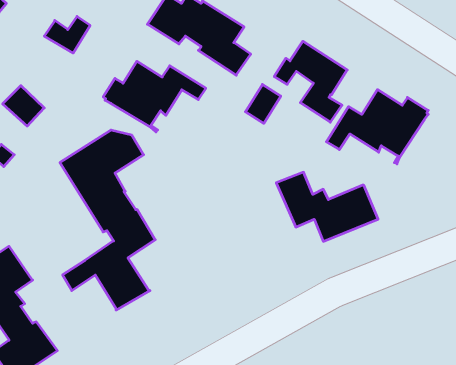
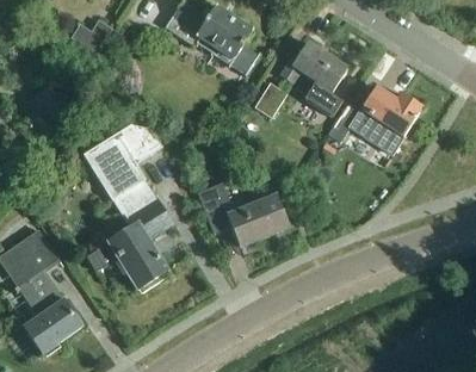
building: [103,61,206,132] -> none
building: [276,172,378,241] -> [197,182,290,246]

